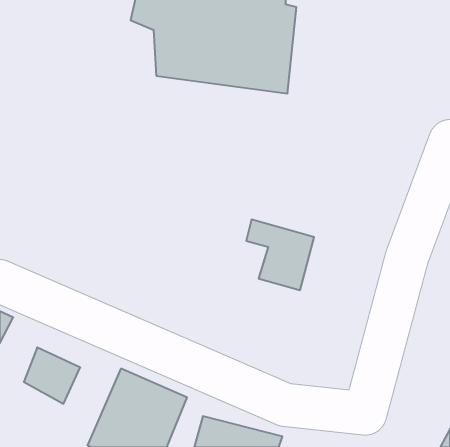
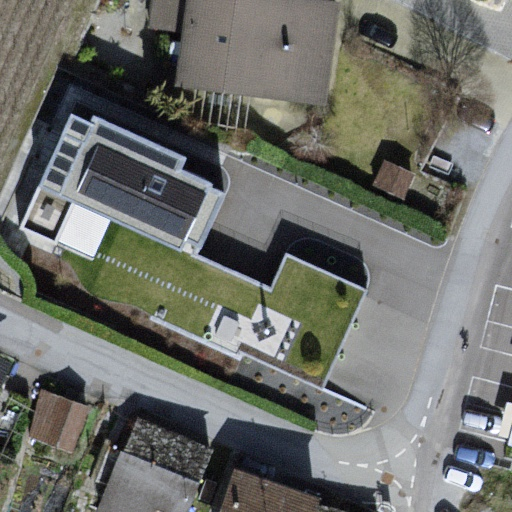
building: none -> [22,116,214,249]

